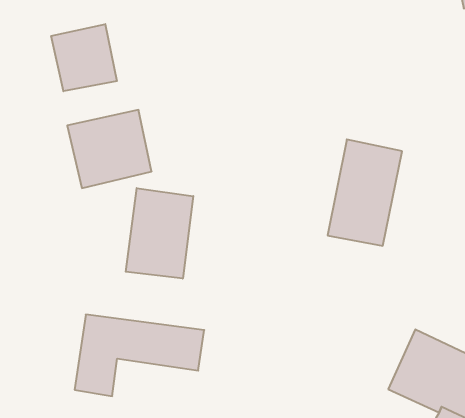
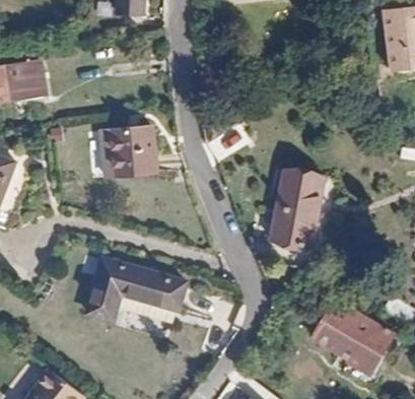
building: [51,24,117,91] -> none
building: [126,188,193,279] -> none

